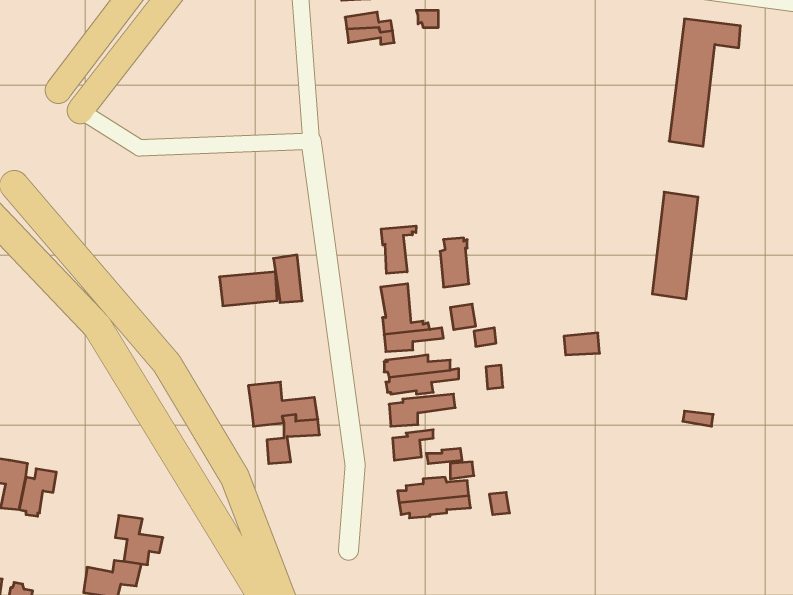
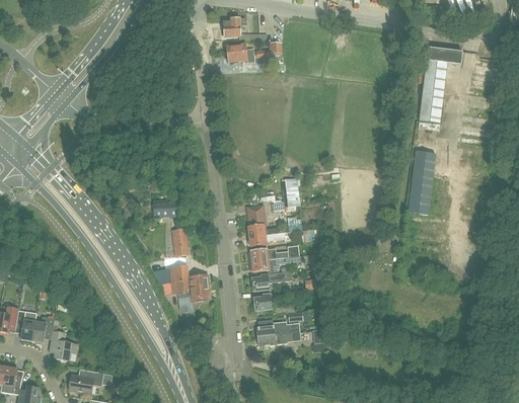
building: [381,226,416,273] -> none
building: [273,255,302,303] -> [170,227,188,255]
building: [115,515,163,565] -> [49,330,77,359]

